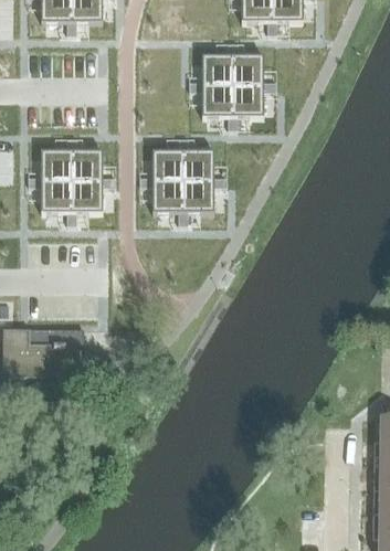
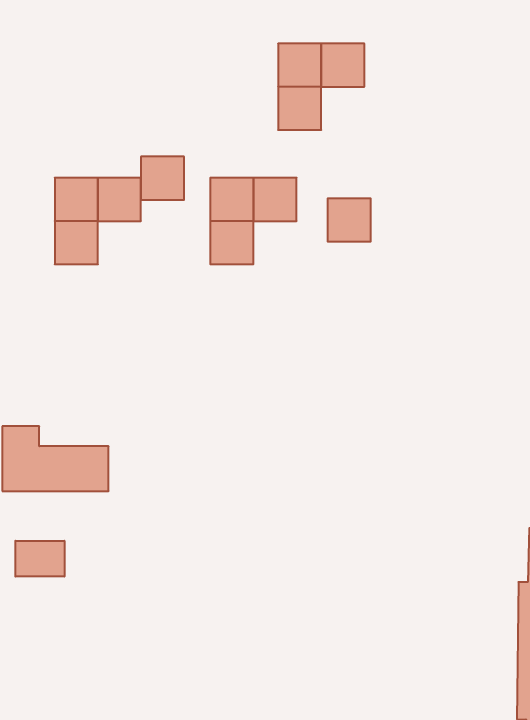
building: [232,84,263,115] -> none
building: [72,180,103,211] -> [141,157,184,200]
building: [183,180,214,211] -> [328,198,371,242]
building: none -> [15,541,64,577]

